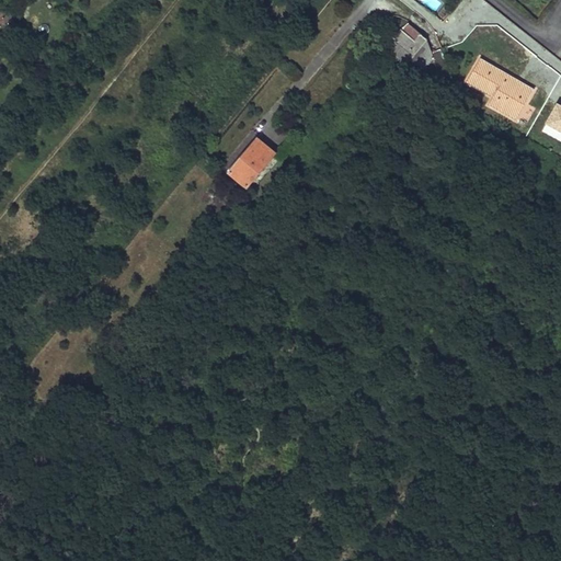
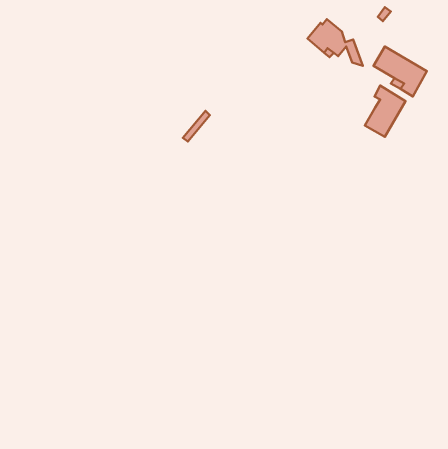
building: none -> [365,86,406,137]
building: [234,144,274,186] -> none

